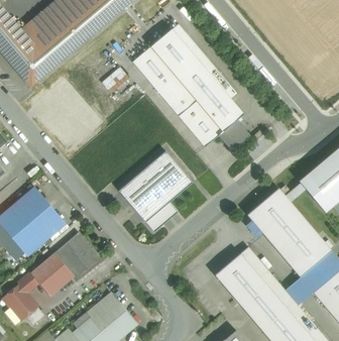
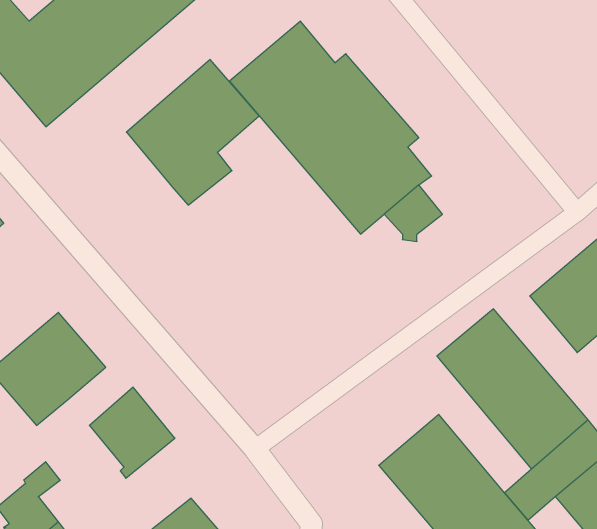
building: [119,151,193,232] -> [126,59,259,205]
building: [30,253,74,297] -> none

